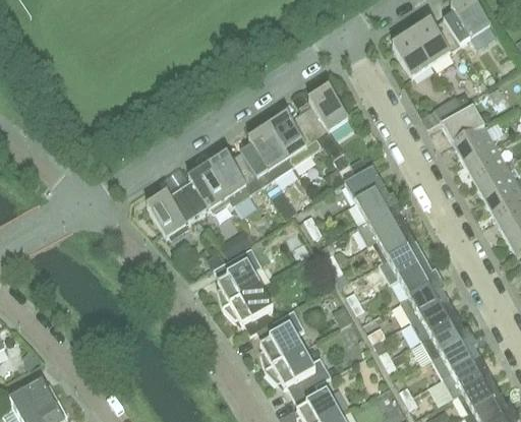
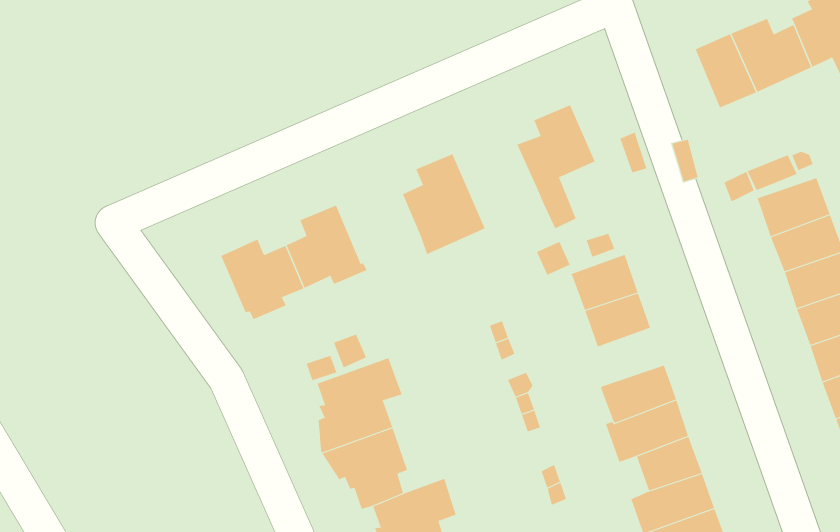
building: [268,114,323,165] -> none
building: [208,154,257,203] -> none
building: [357,204,406,245] -> none

